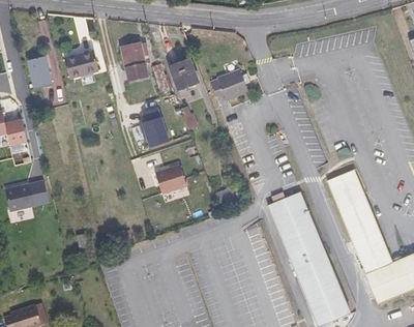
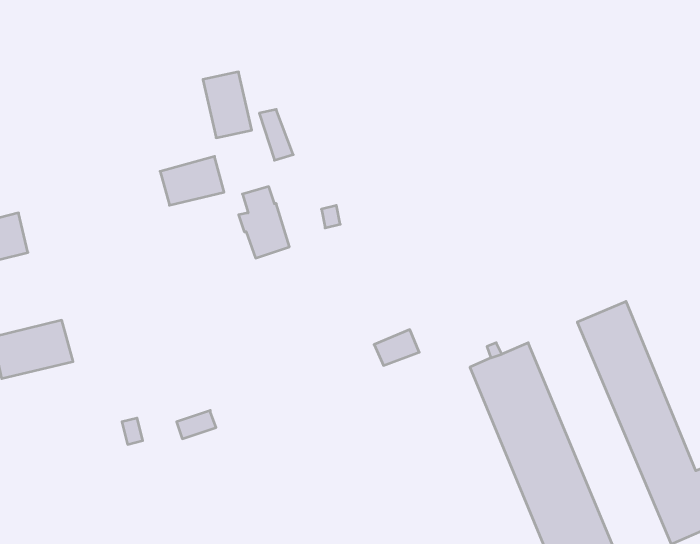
building: [64,50,99,77] -> [160,156,224,205]
building: [28,56,52,87] -> none
building: [171,59,197,88] -> none
building: [211,69,248,99] -> none
building: [153,165,184,192] -> none

